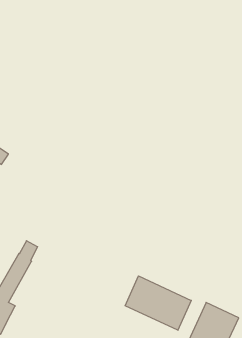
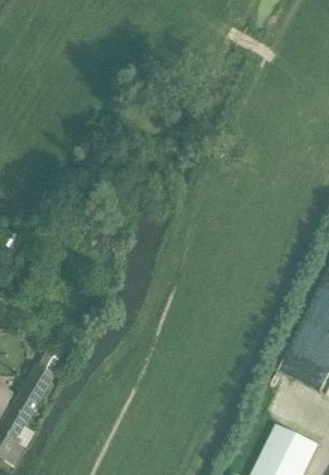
building: [125,276,191,330] -> none

